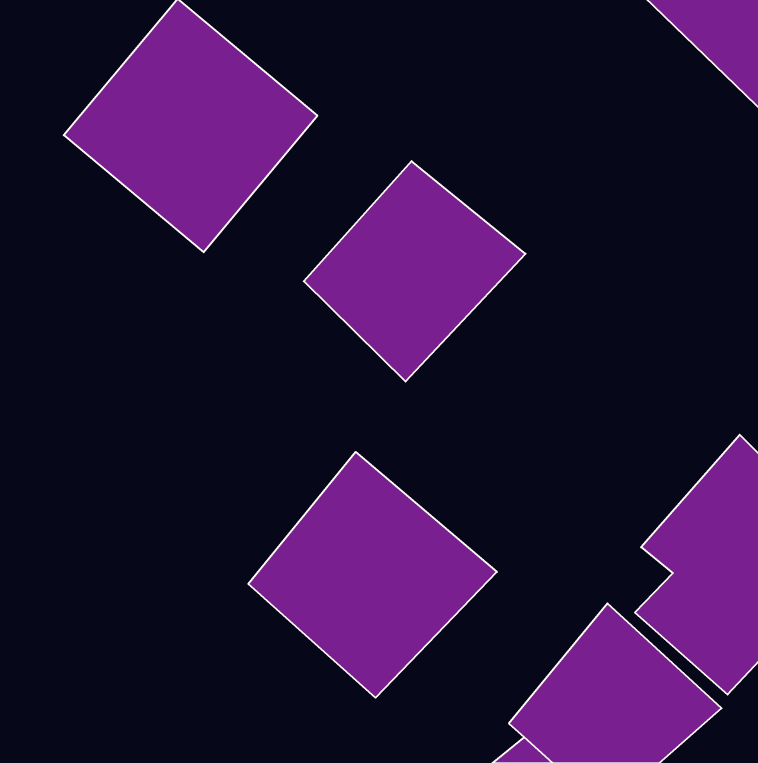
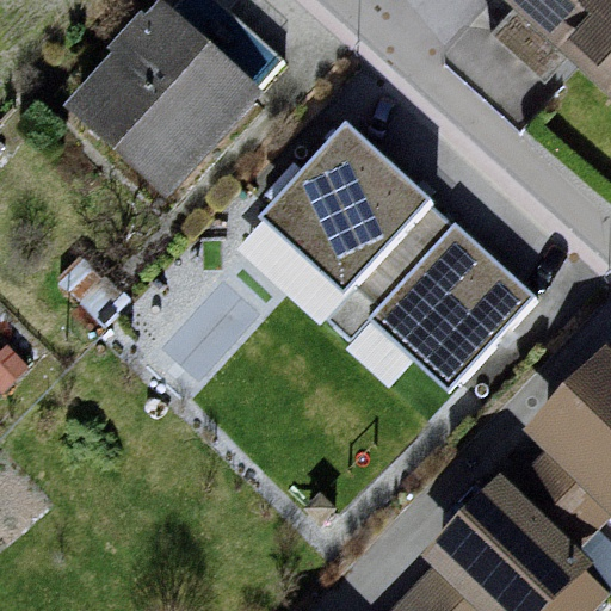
building: none -> [374,224,535,391]
building: [248,452,497,698] -> none

